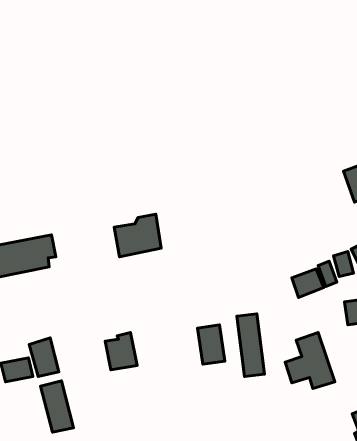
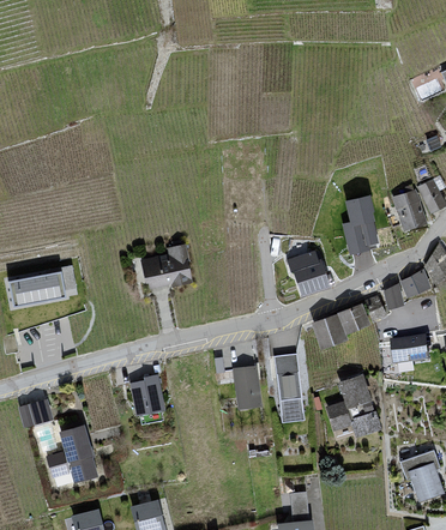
building: none -> [343,194,381,253]
building: none -> [288,251,329,294]
building: none -> [309,313,344,349]
building: [29,338,59,377] -> none

